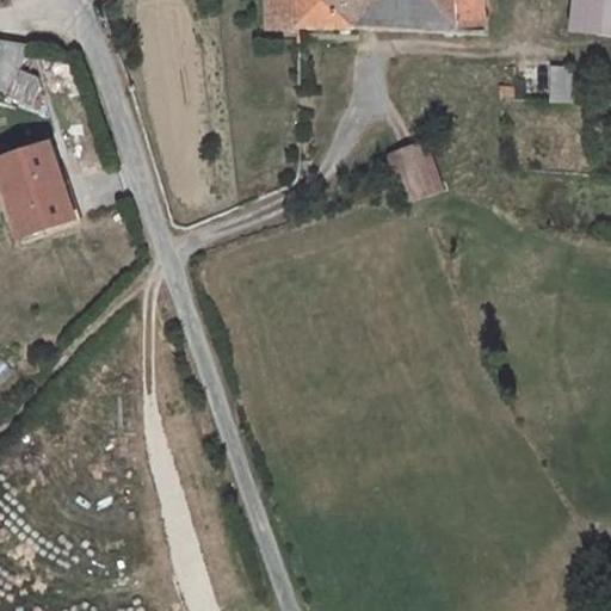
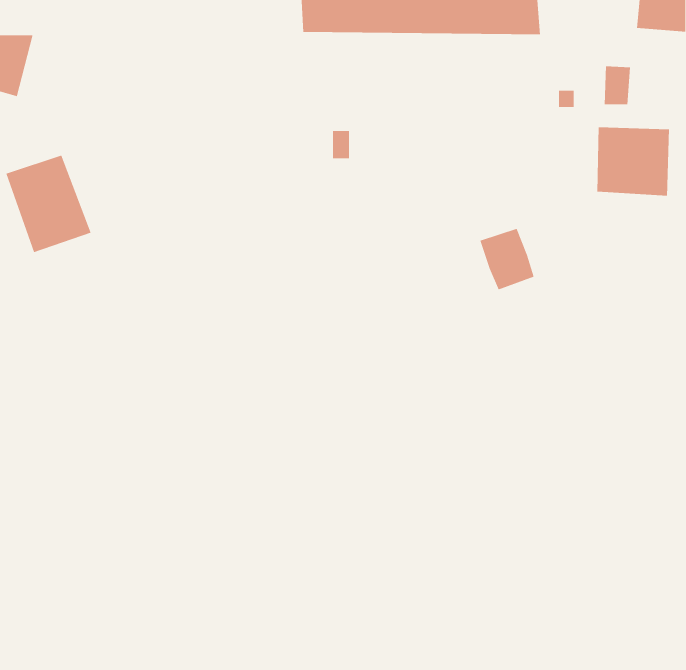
building: none -> [597,126,670,197]
building: [382,143,431,198] -> [479,228,535,290]

